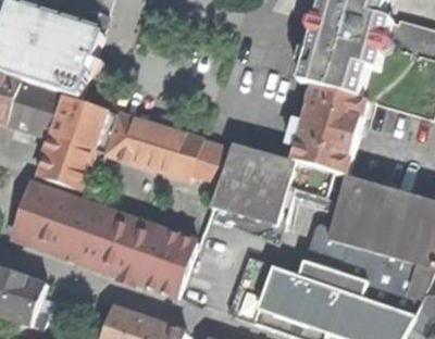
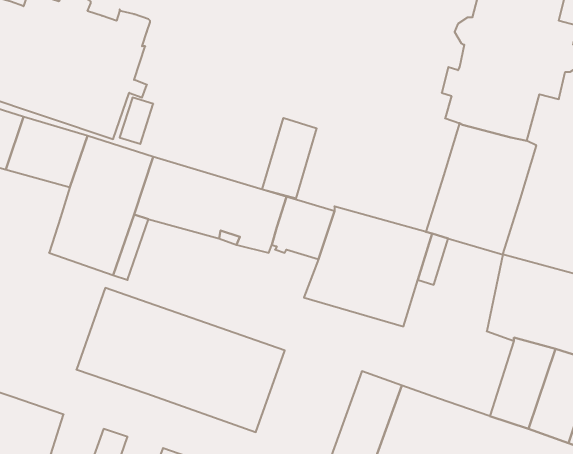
building: none -> [262,118,317,199]
building: [13,184,73,253] -> none
building: [299,223,350,285] -> none

